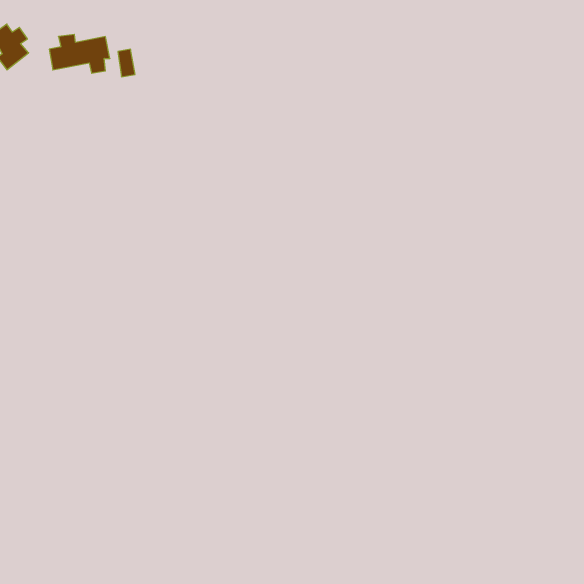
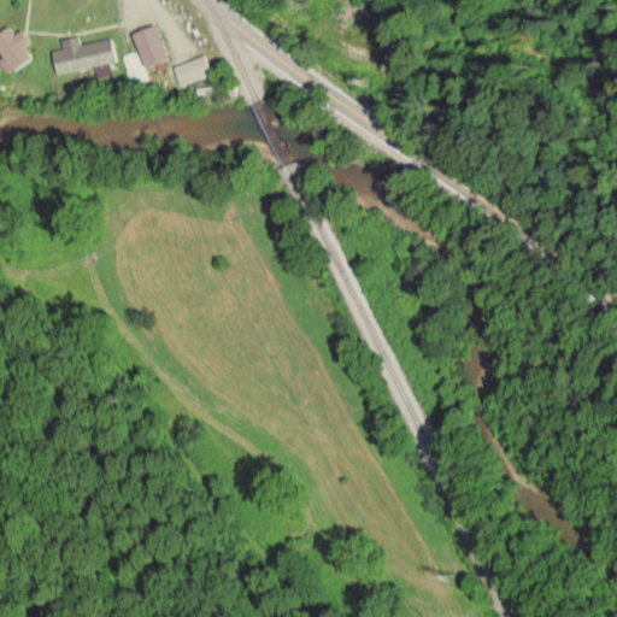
building: none -> [133,27,166,67]
building: none -> [174,58,210,86]

